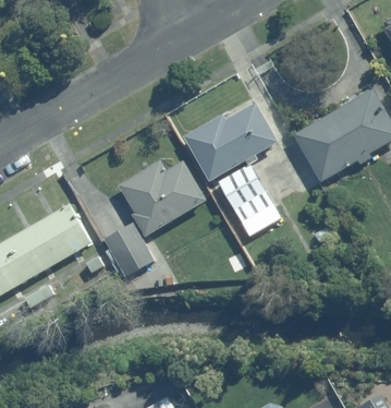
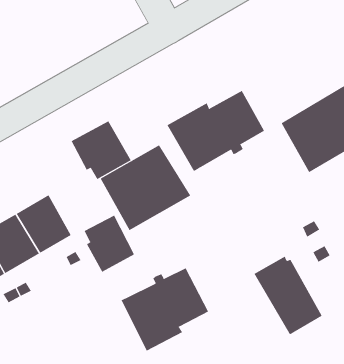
building: none -> [71,121,131,180]
building: [215,160,281,237] -> [253,256,322,335]
building: none -> [121,267,209,352]

